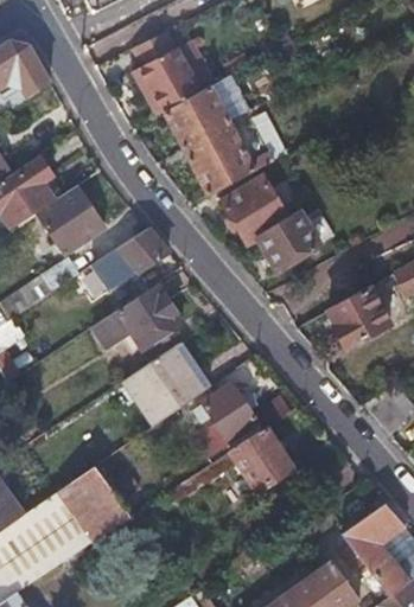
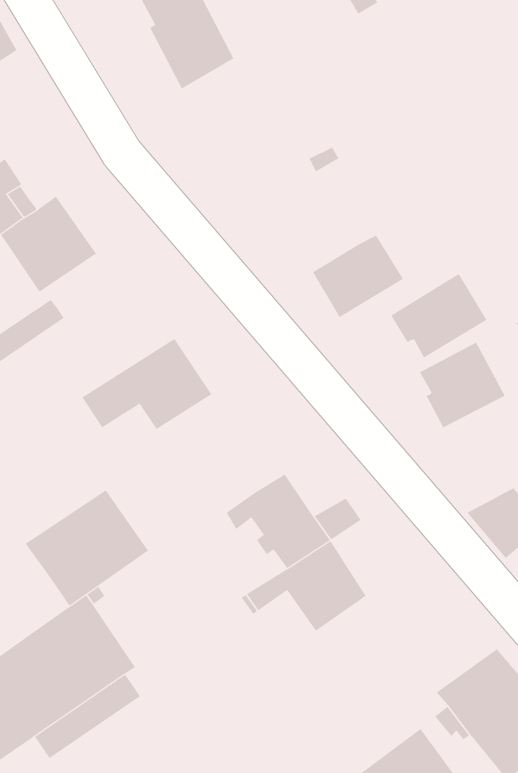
building: [163,72,254,194] -> none
building: [222,179,287,243] -> none
building: [87,228,164,292] -> none
building: none -> [391,273,487,358]
building: [122,341,209,423] -> [25,490,149,607]

